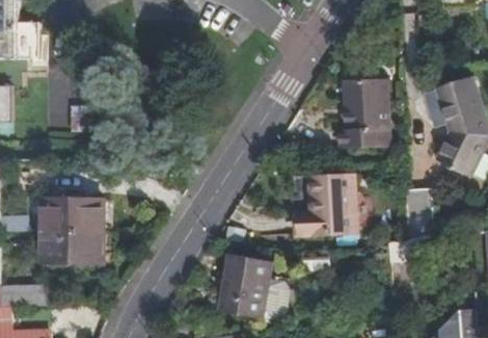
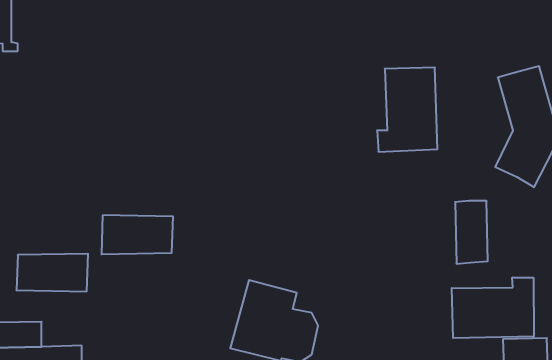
building: [296,175,355,237] -> none
building: [40,199,100,231] -> [101,215,173,254]
building: none -> [452,277,534,338]

